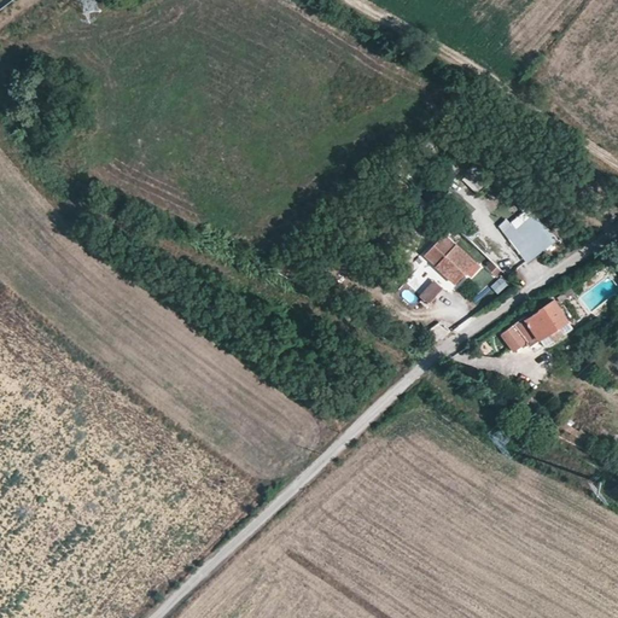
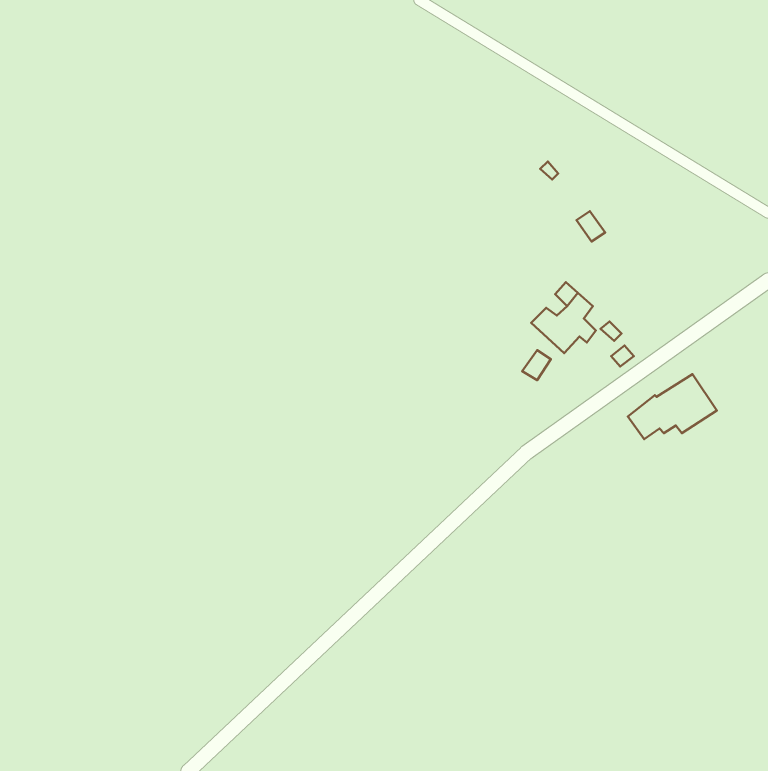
building: [501,216,556,263] -> none

